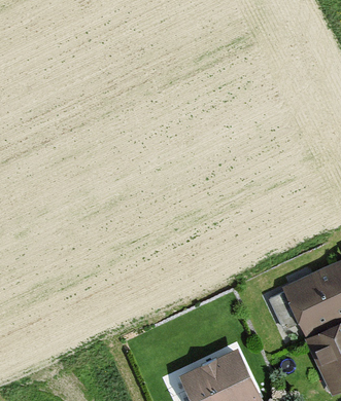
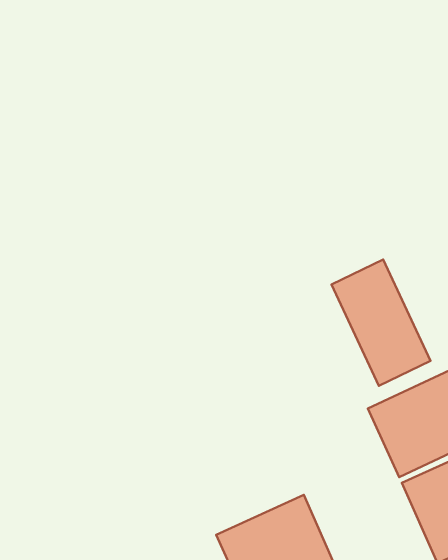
building: none -> [331,259,430,386]

